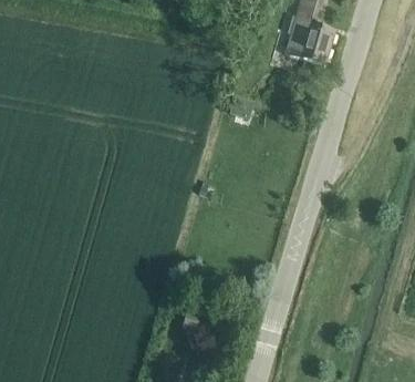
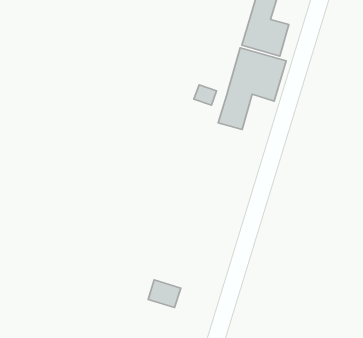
building: none -> [218,48,286,129]

